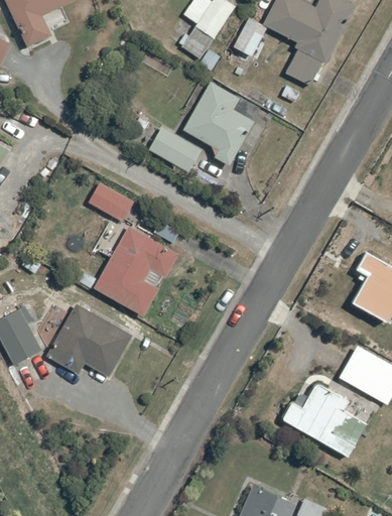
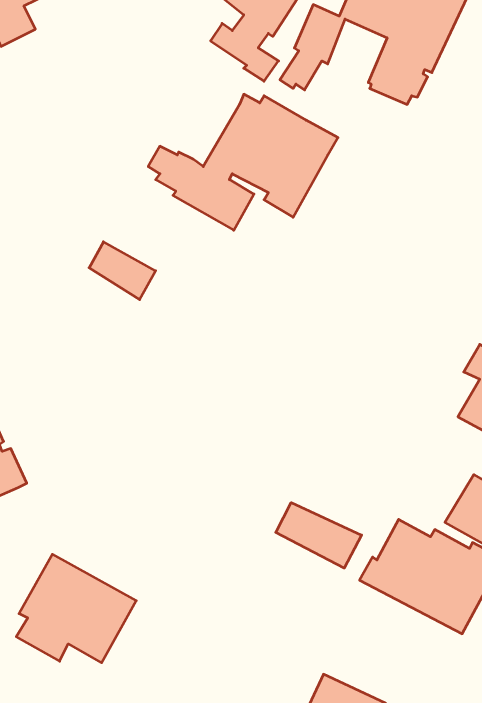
building: [76,223,180,314] -> none
building: [49,303,133,379] -> [16,554,136,663]
building: none -> [276,503,362,568]

